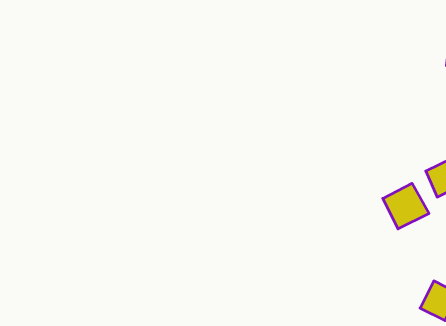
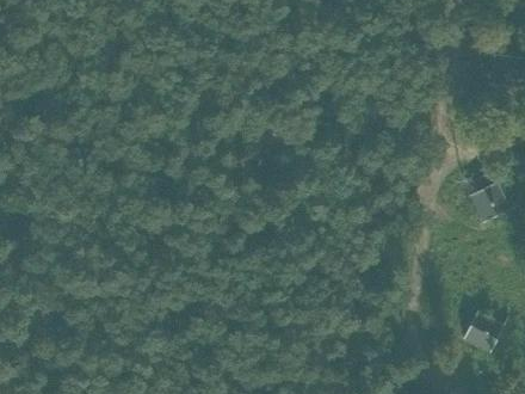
building: [383,183,429,229] -> none

